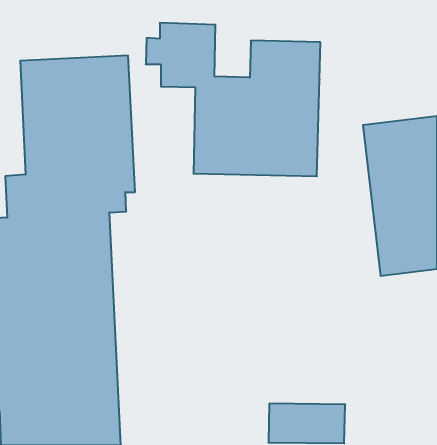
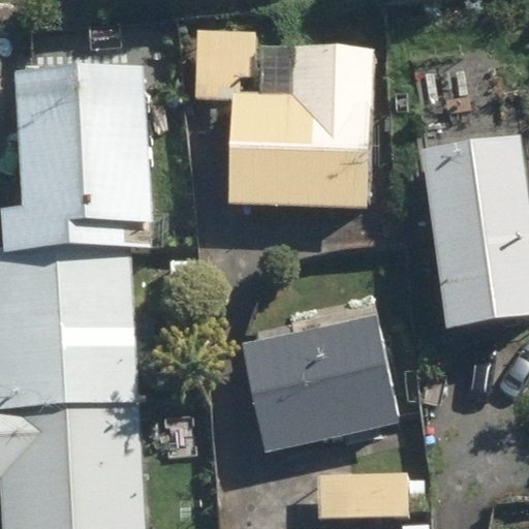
building: none -> [238,311,399,456]

